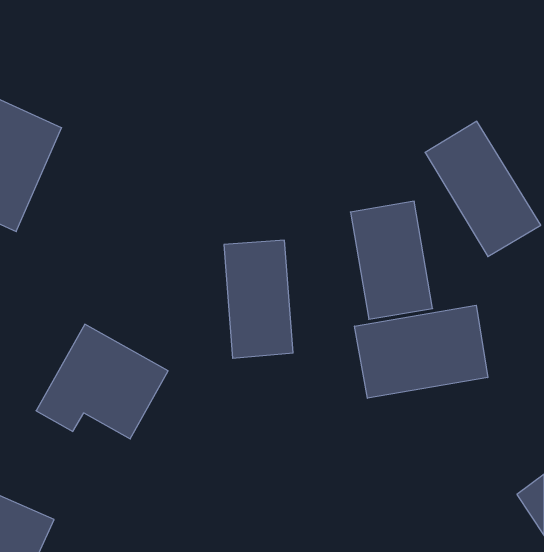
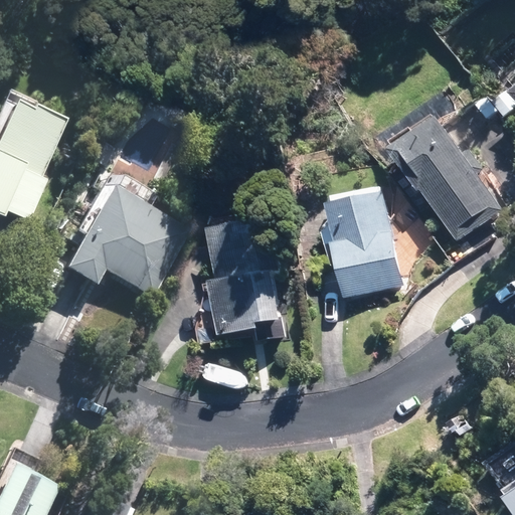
building: [355,305,488,398] -> none
building: [36,324,168,439] -> [54,185,177,292]

